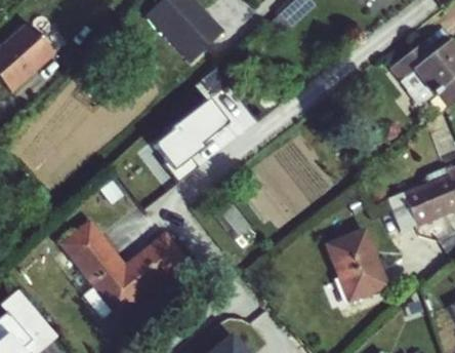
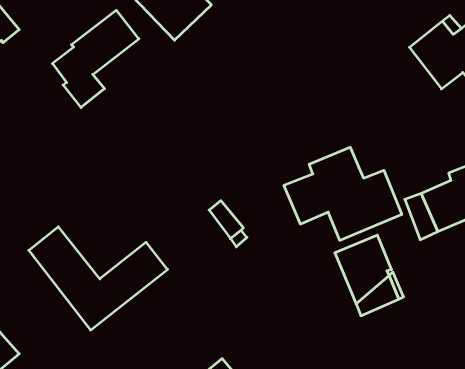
building: [154,99,229,183] -> [52,10,139,108]
building: none -> [284,147,402,240]

